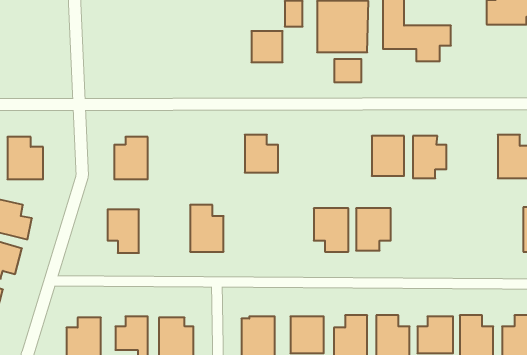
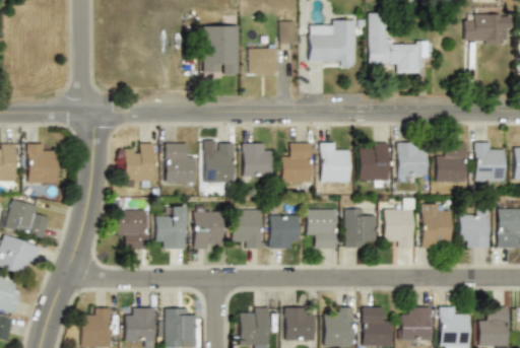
building: none -> [202,25,239,74]
building: [334,59,361,82] -> none
building: none -> [281,142,311,183]
building: none -> [319,142,349,182]
building: none -> [436,142,465,181]
building: none -> [166,143,196,183]
building: none -> [204,144,235,183]
building: none -> [383,199,414,248]
building: none -> [421,203,452,249]
building: none -> [156,206,185,249]
building: none -> [268,208,299,249]
building: none -> [232,209,261,249]
building: none -> [460,210,489,249]

